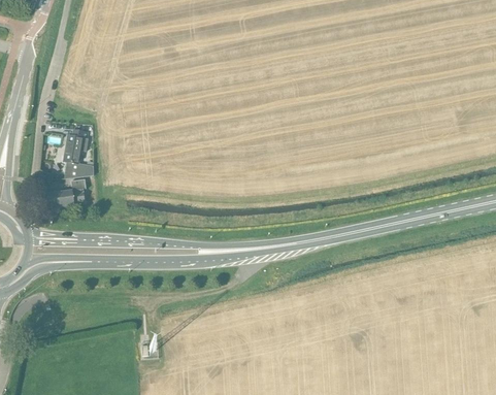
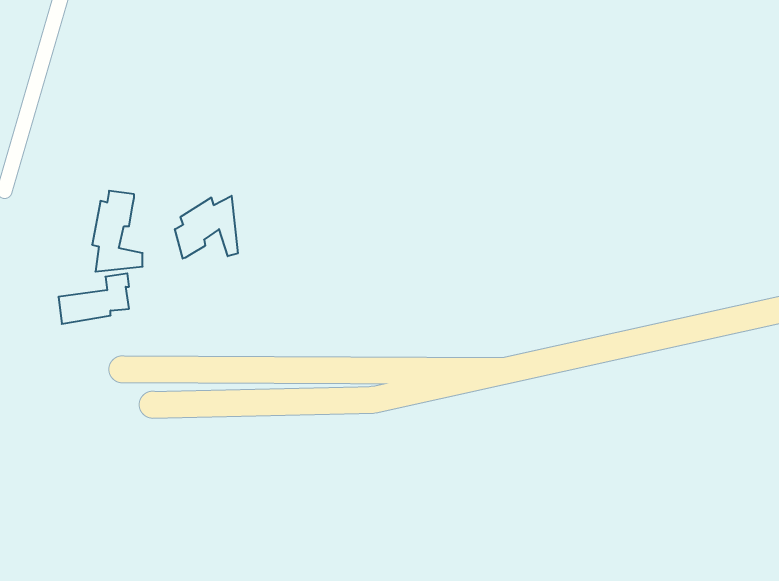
building: none -> [175,196,238,259]

